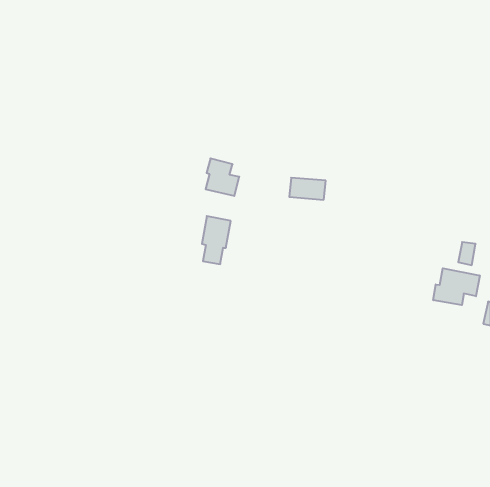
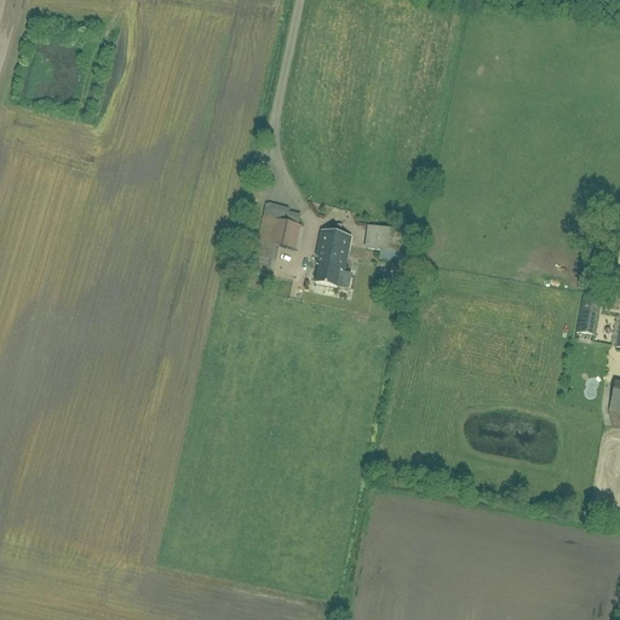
building: [202,216,231,264] -> [315,228,351,288]
building: [433,268,480,305] -> none

